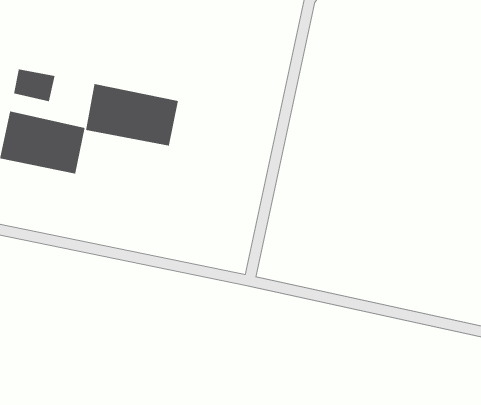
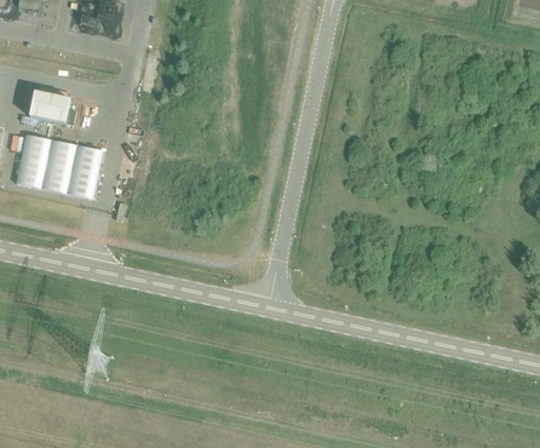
building: [85,83,179,146] -> none

